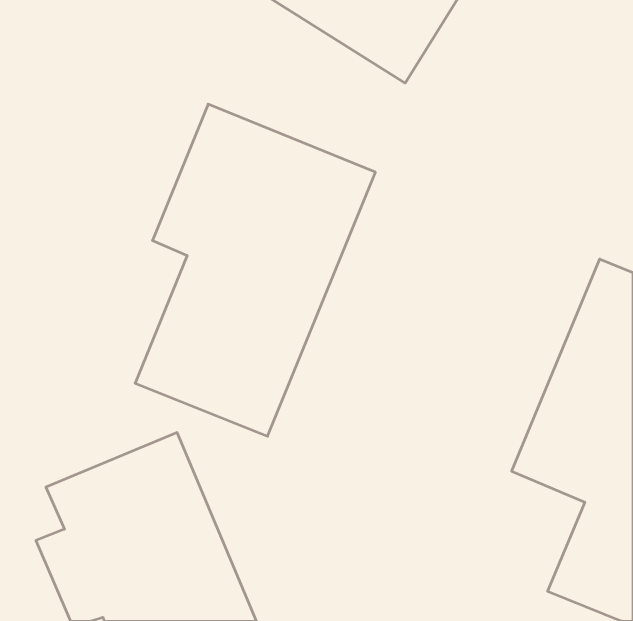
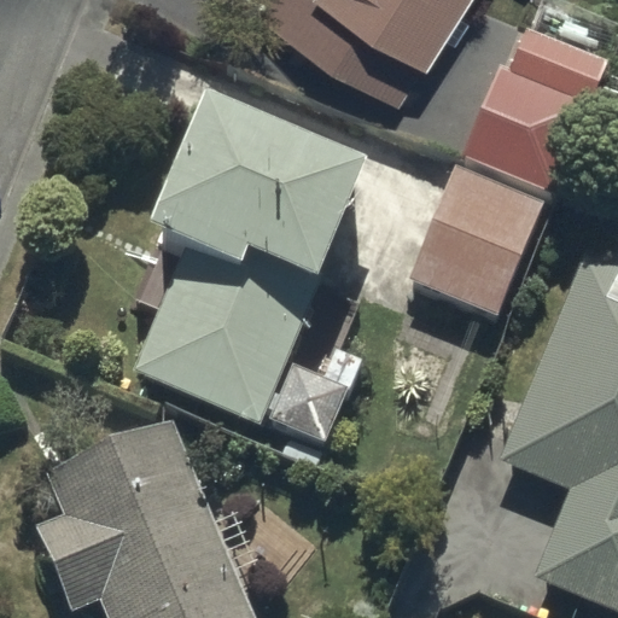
building: none -> [461,28,610,194]
building: none -> [408,164,543,314]

